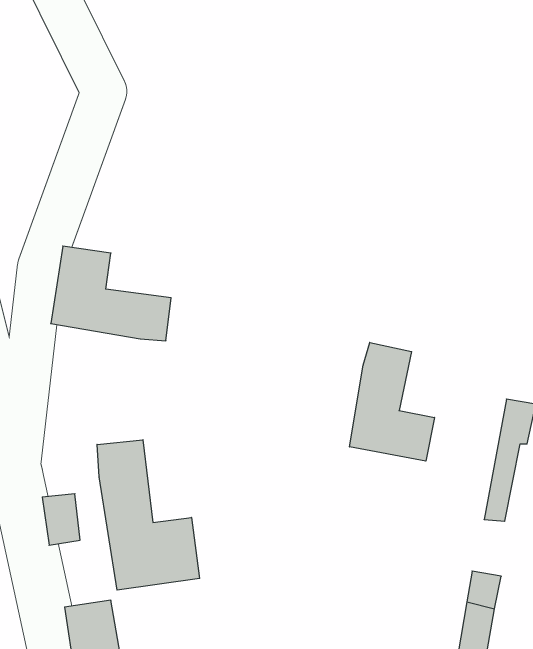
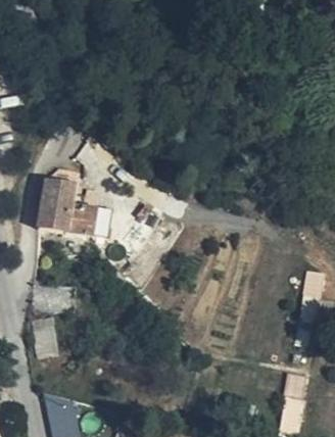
building: [350,342,434,461] -> none
building: [97,440,200,590] -> none

